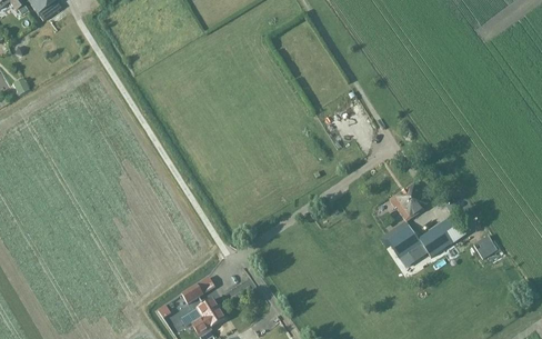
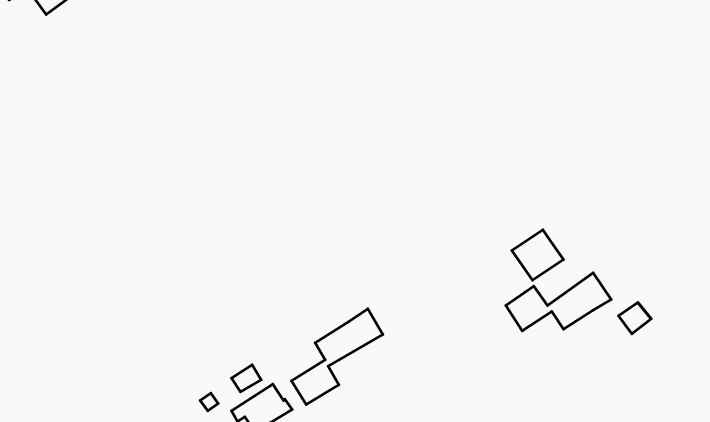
building: none -> [291,309,383,405]

